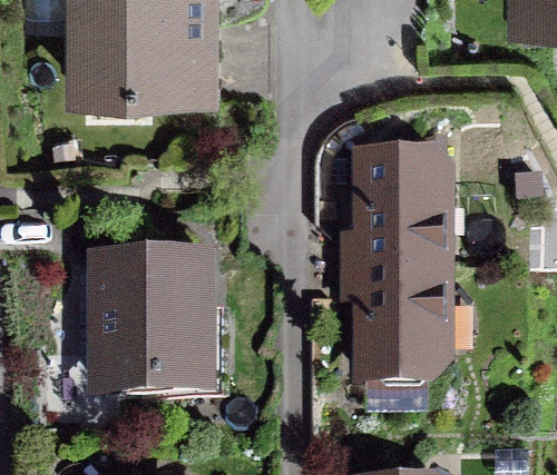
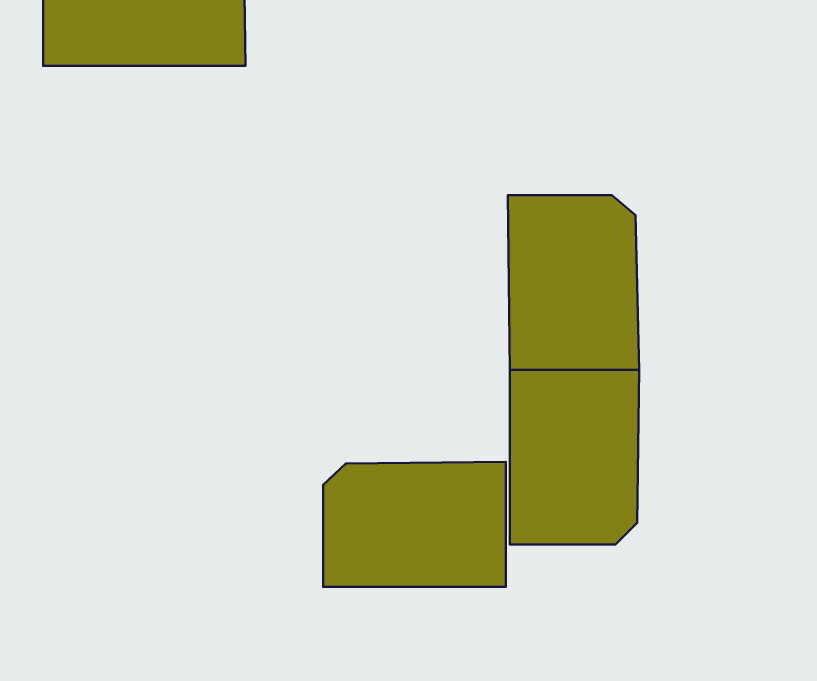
building: [97,270,218,388] -> none
building: none -> [323,462,506,587]

